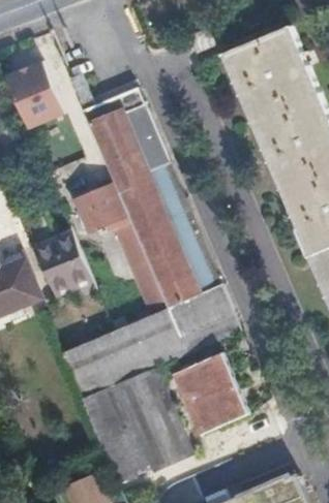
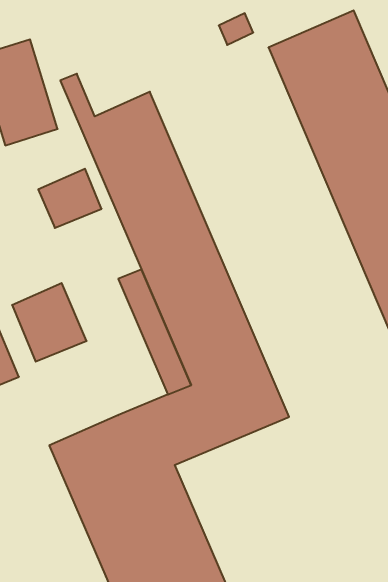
building: [74,184,122,228] -> [38,169,102,228]
building: [171,350,249,432] -> none

